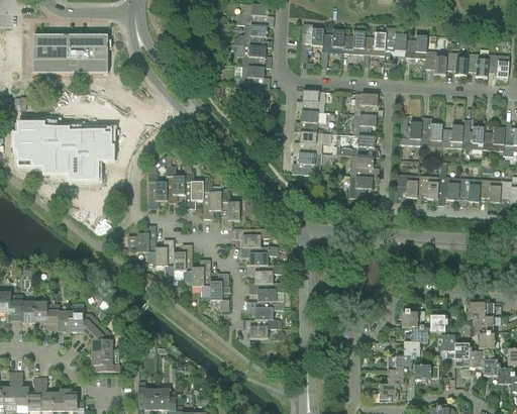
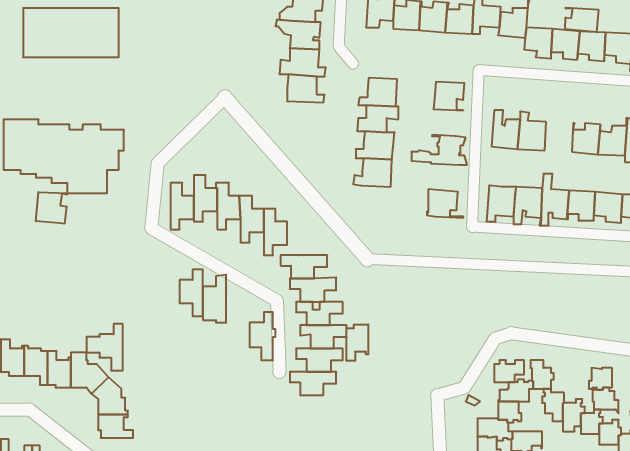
building: none -> [565,8,598,32]
building: [352,114,377,135] -> none
building: [440,124,462,147] -> none
building: [349,157,379,179] -> none
building: none -> [36,192,67,224]
building: [127,225,156,262] -> [86,324,123,371]
building: [192,260,210,296] -> none
building: none -> [347,324,368,361]
building: [467,302,494,320] -> none

